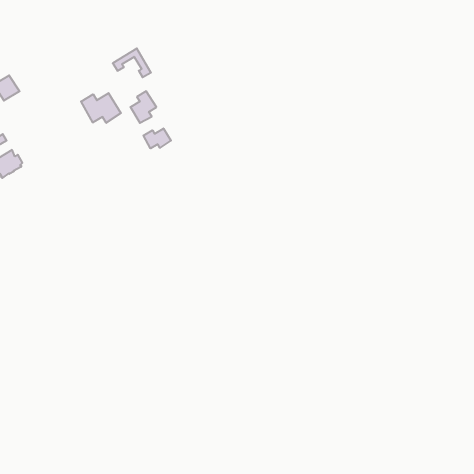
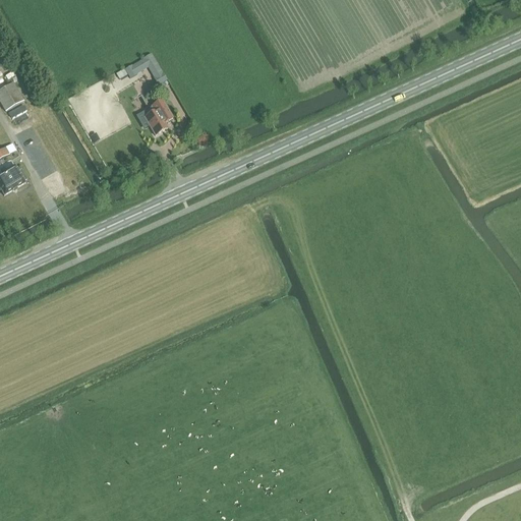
building: [81,93,121,123] -> none
building: [143,128,171,148] -> none

